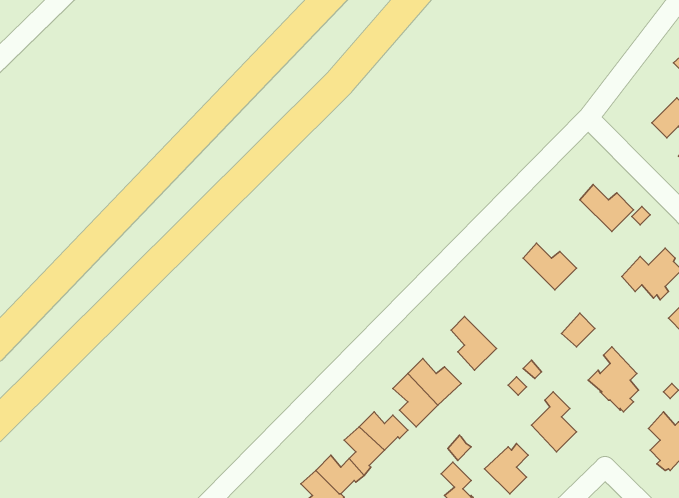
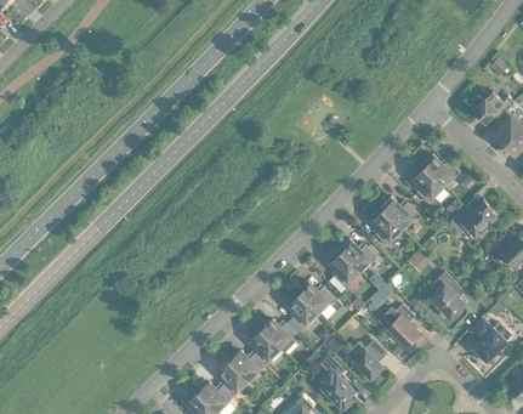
building: none -> [411,165,445,204]
building: none -> [370,208,404,246]
building: none -> [339,239,377,273]

